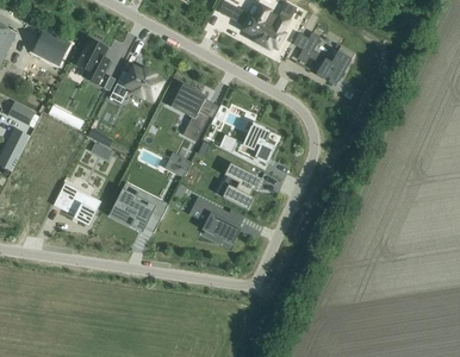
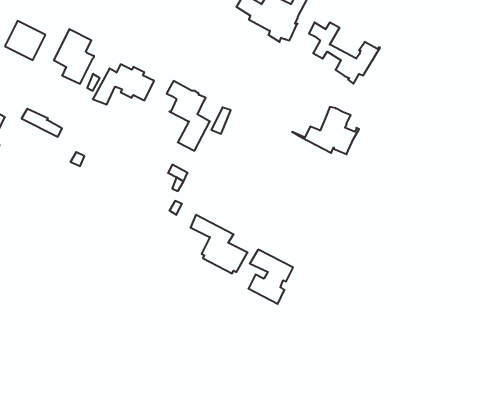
building: [220,123,278,163] -> [292,107,359,154]
building: [223,162,261,208] -> [248,250,293,304]
building: [54,184,101,225] -> none
building: [111,188,168,226] -> none

